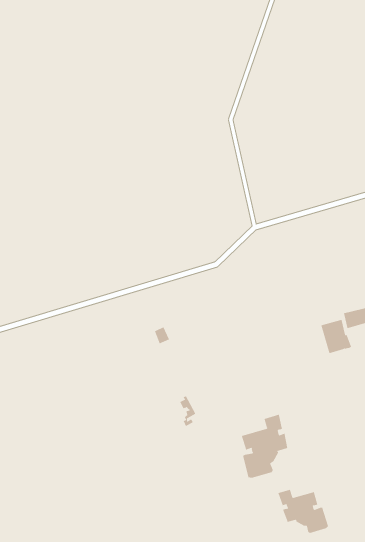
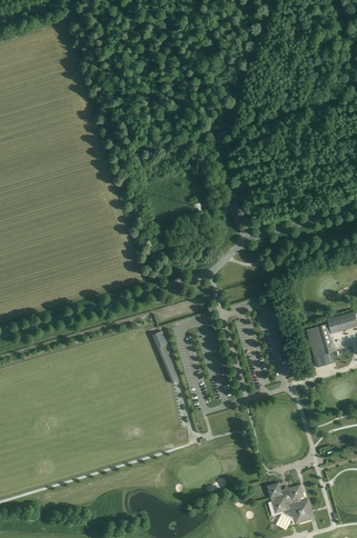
building: [241,414,288,479] -> none

